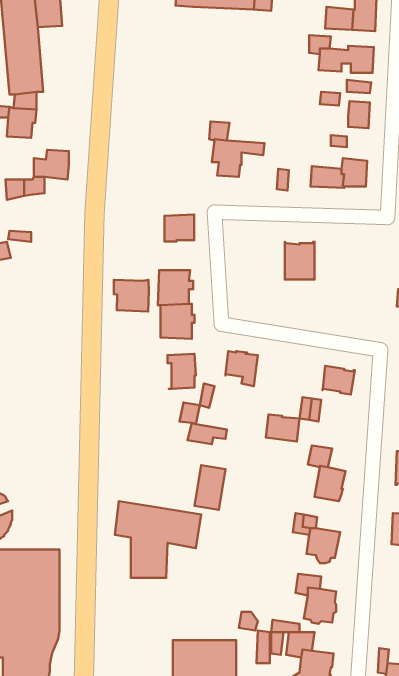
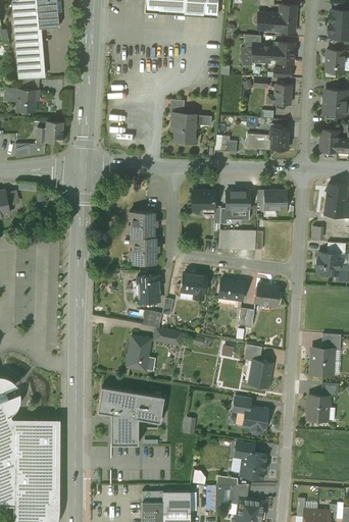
building: [164,215,194,242] -> [192,191,214,211]
building: none -> [264,191,287,209]
building: [114,280,149,311] -> none
building: none -> [218,229,256,250]
building: [266,415,300,442] -> [218,279,244,300]
building: [194,465,226,510] -> [127,336,150,370]

